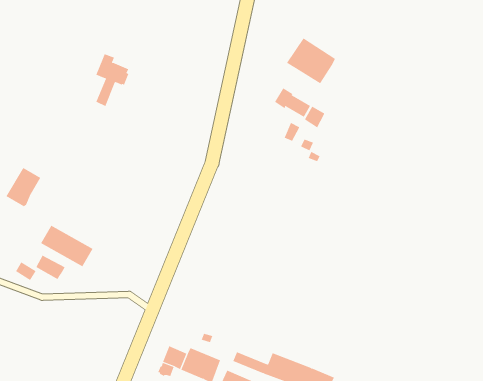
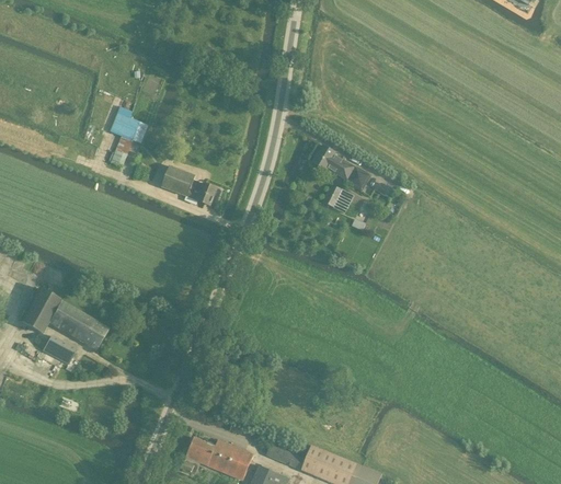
building: [286,38,336,84] -> none
building: none -> [161,166,217,206]
building: [5,167,41,207] -> [20,289,60,334]

